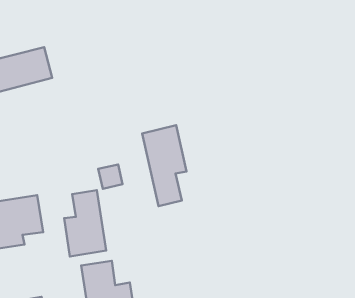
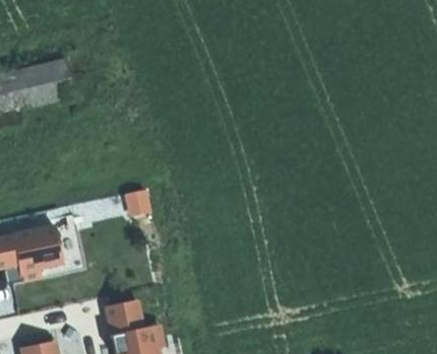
building: [142,125,187,206] -> none
building: [64,190,106,257] -> none

